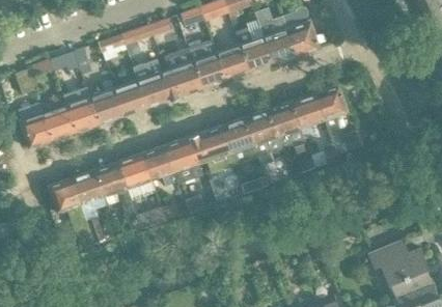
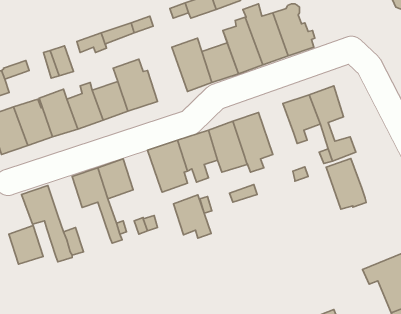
building: [164,48,202,99] -> none
building: [269,101,306,148] -> [326,158,366,209]
building: [142,144,177,185] -> [173,195,211,238]
building: [72,169,104,205] -> [9,225,43,264]

